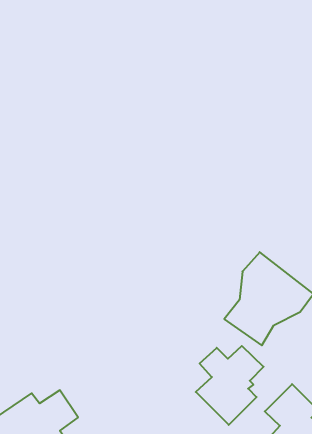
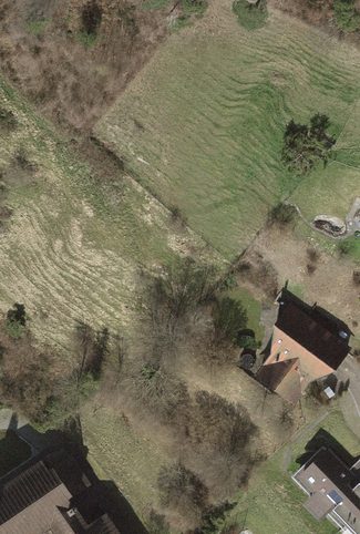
building: [196,346,264,425] -> none

